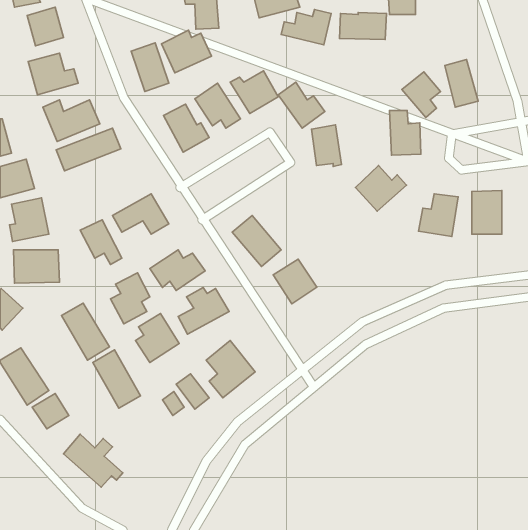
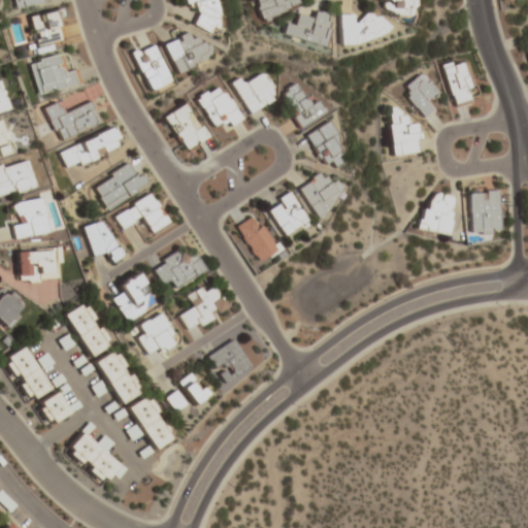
building: none -> [94,161,148,208]
building: [355,166,406,211] -> [298,169,349,214]
building: [273,259,317,304] -> [267,192,310,236]
building: none -> [128,393,175,450]

